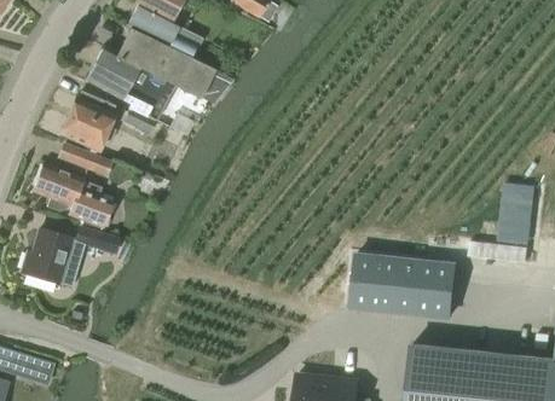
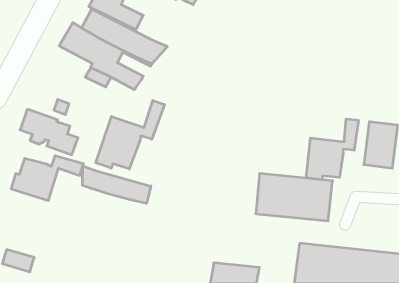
building: [62,91,117,151] -> none
building: none -> [96,100,164,169]
building: none -> [306,119,358,180]
building: none -> [83,166,151,203]

